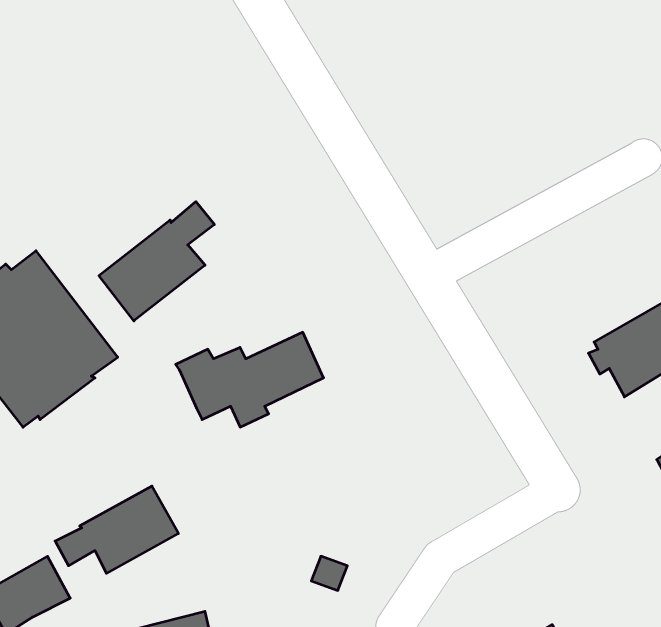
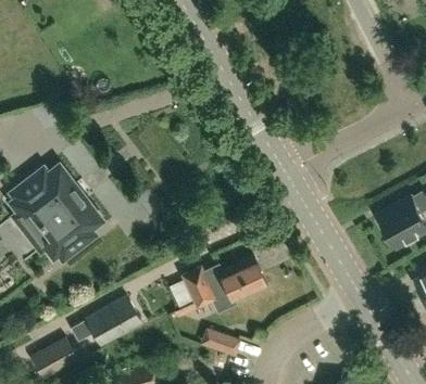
building: [99,202,214,321] -> none
building: [176,332,324,427] -> [181,258,266,312]

